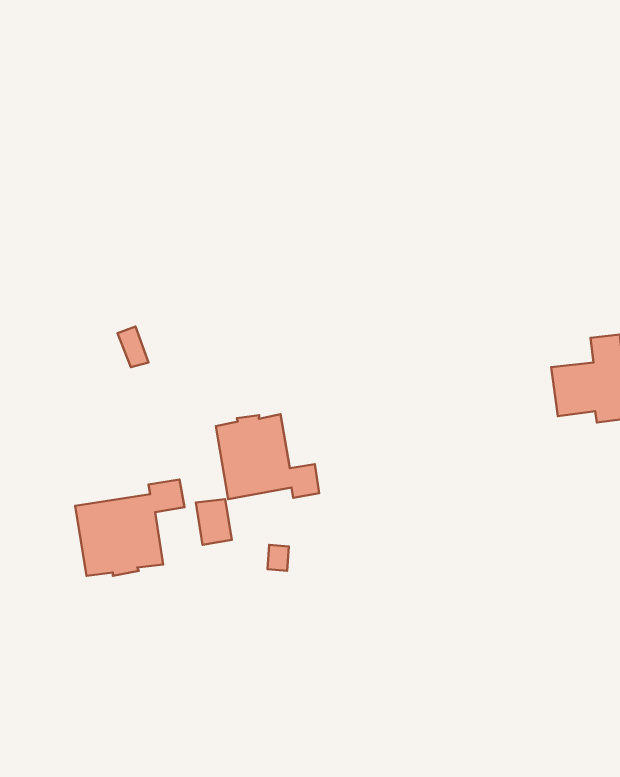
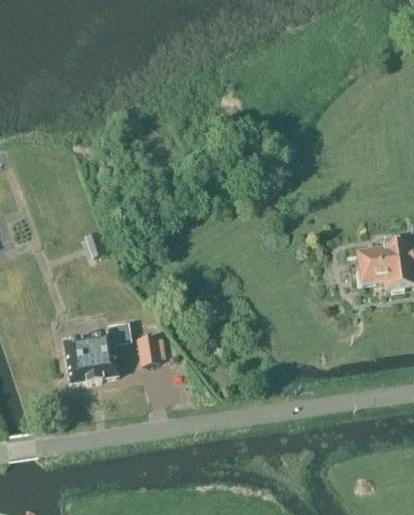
building: [216,414,319,499] -> none

